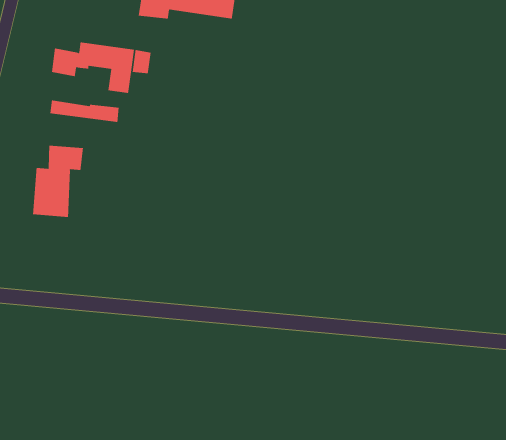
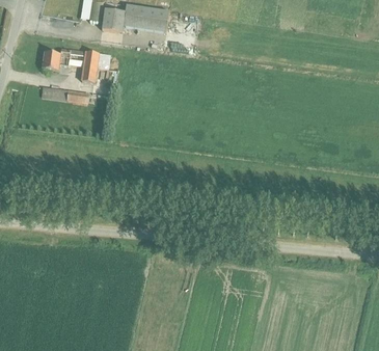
building: [32,145,83,218] -> none

